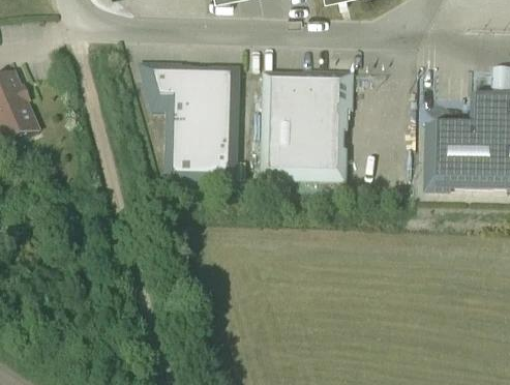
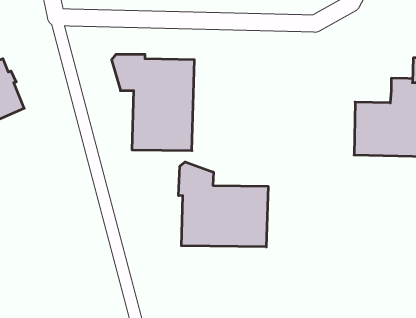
building: [258,75,349,185] -> none
building: none -> [179,162,268,247]

